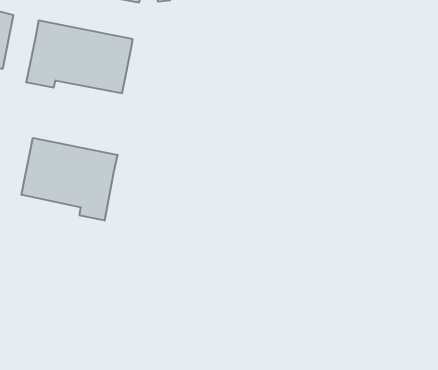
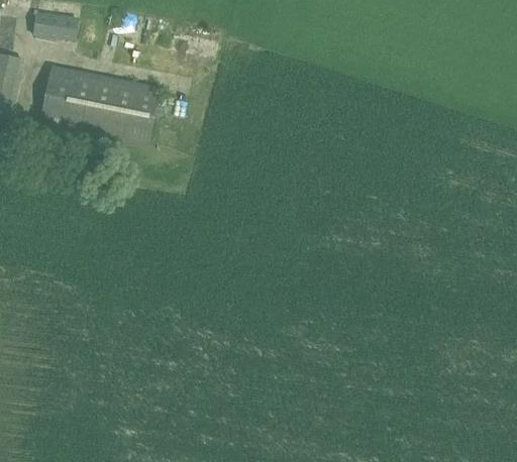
building: [22,138,118,221] -> none

